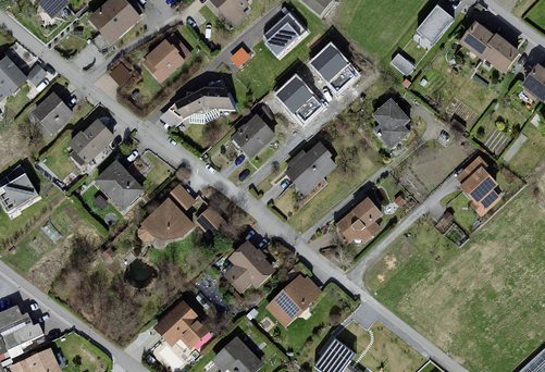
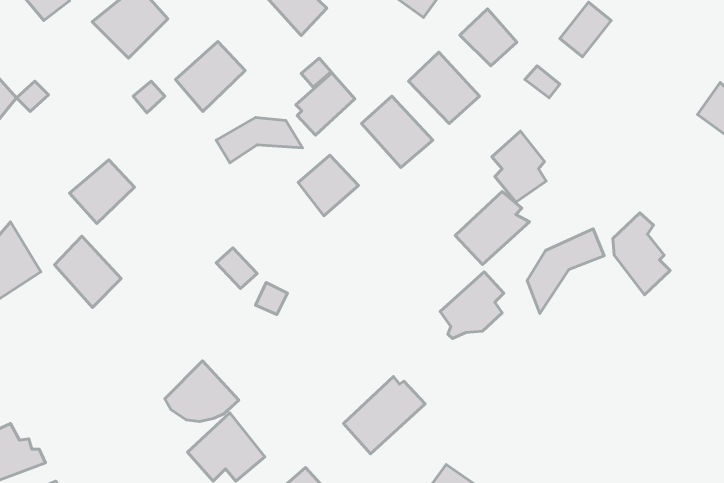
building: none -> [460,9,517,66]
building: [264,11,307,55] -> [296,73,355,135]
building: [454,20,517,73] -> none
building: [29,92,71,134] -> none
building: [282,142,335,195] -> [455,192,529,264]
building: [92,160,140,211] -> [55,236,121,307]
building: none -> [527,229,604,314]
building: [138,197,191,240] -> [165,361,239,421]
building: [219,241,271,293] -> none

